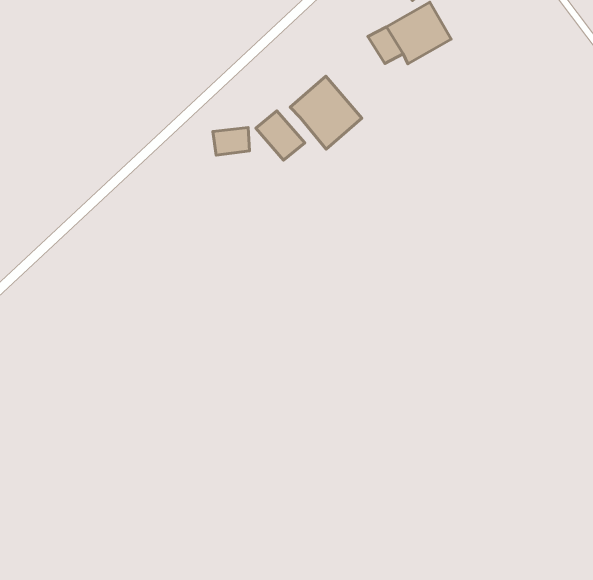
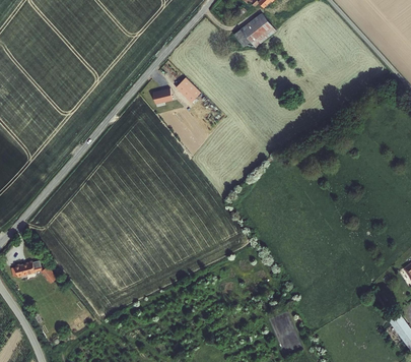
building: [290,76,362,149] -> none

